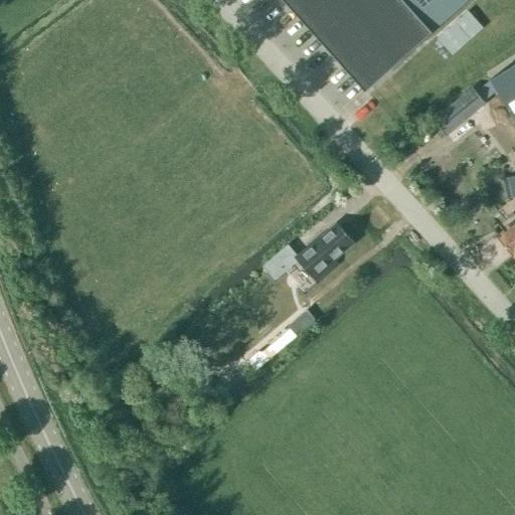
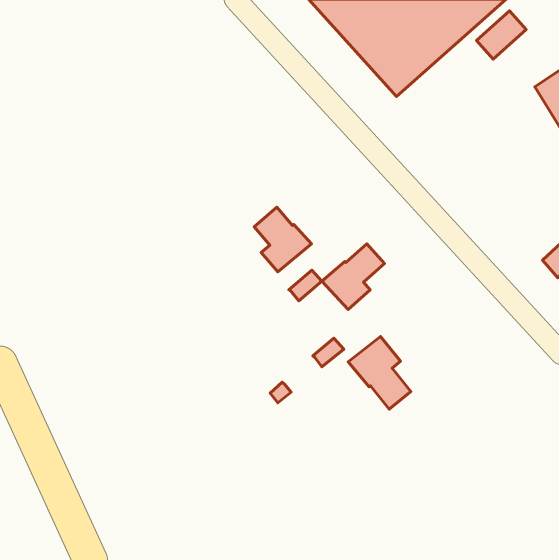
building: [434,85,487,135] -> none
building: none -> [254,207,311,272]
building: none -> [348,336,411,409]

